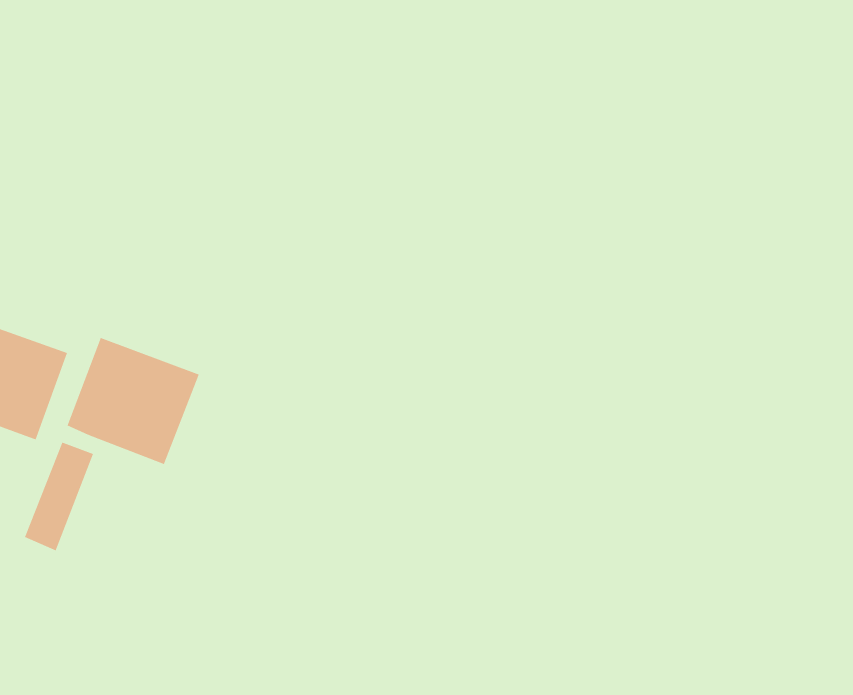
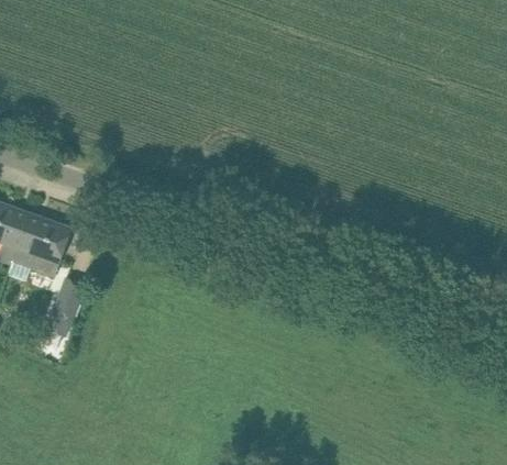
building: [67,337,200,465] -> none

